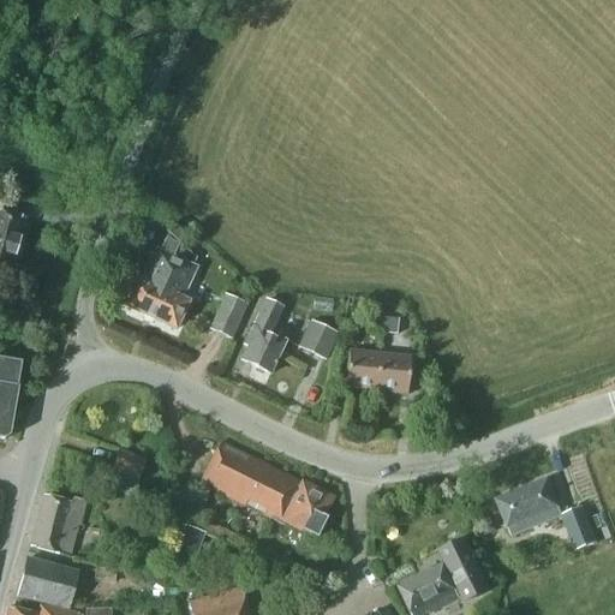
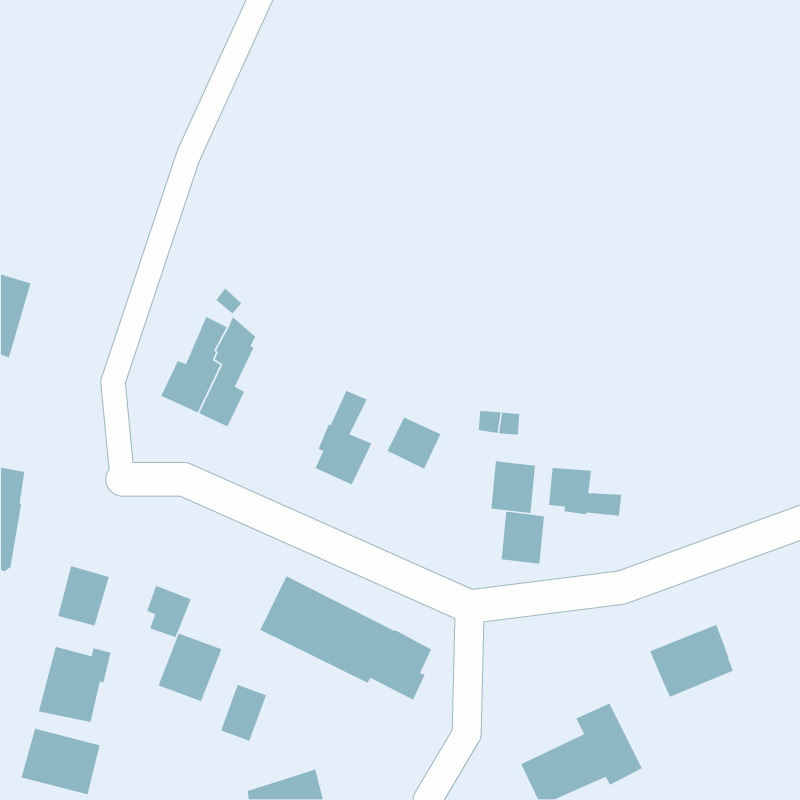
building: [210,292,249,336] -> none
building: [347,348,381,389] -> [501,511,545,564]
building: none -> [548,467,622,516]
building: none -> [57,565,110,626]
building: none -> [157,632,223,702]
building: [563,504,595,550] -> none

